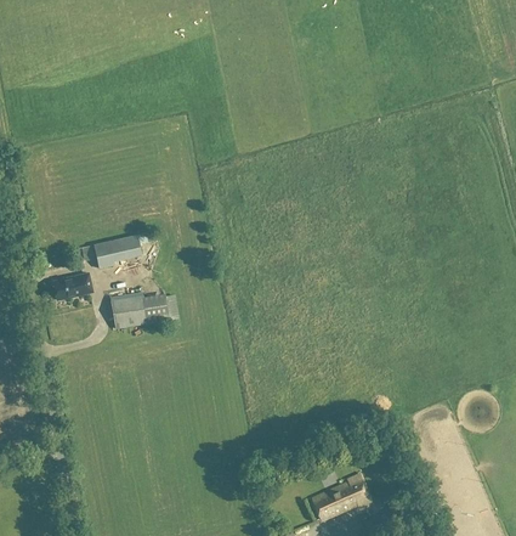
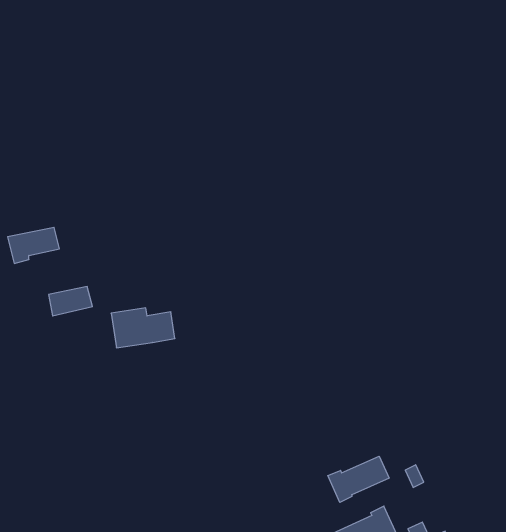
building: [95,236,142,269] -> [8,227,59,263]
building: none -> [328,456,389,502]

